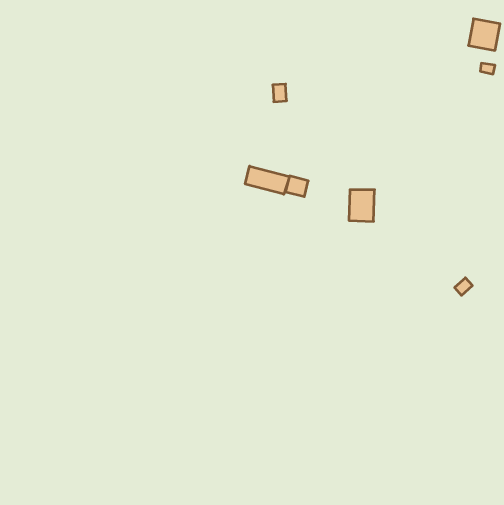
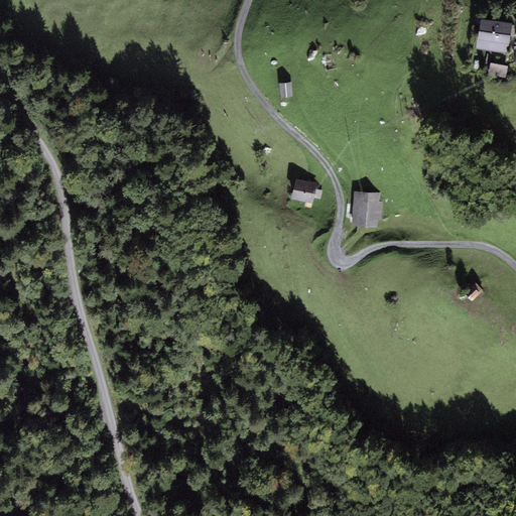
building: [245,166,289,194] -> none

